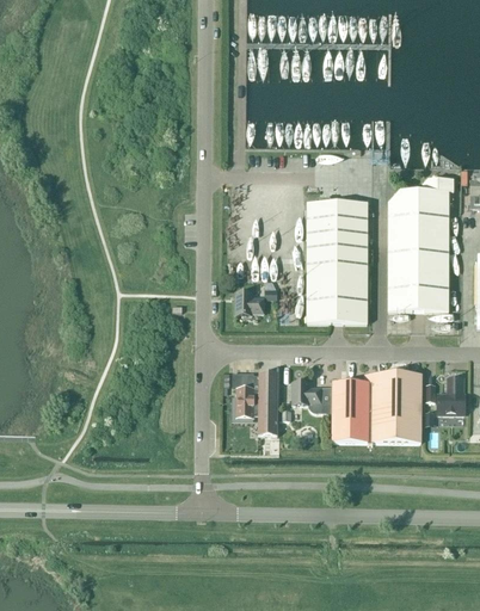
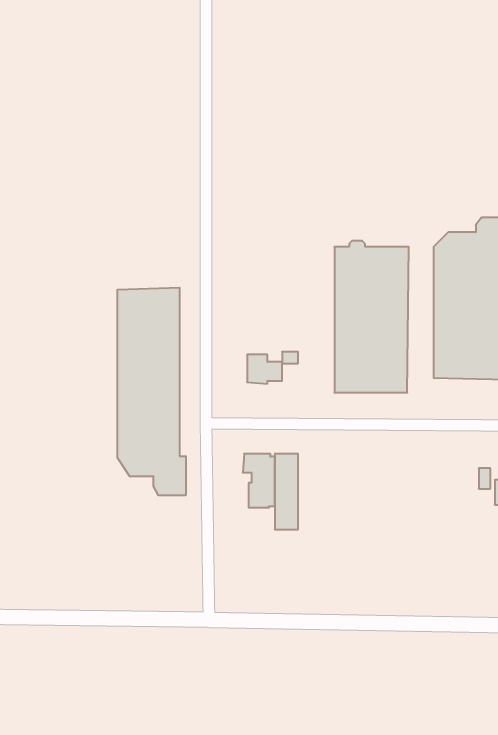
building: none -> [118,288,186,495]
building: [293,374,421,443] -> none

